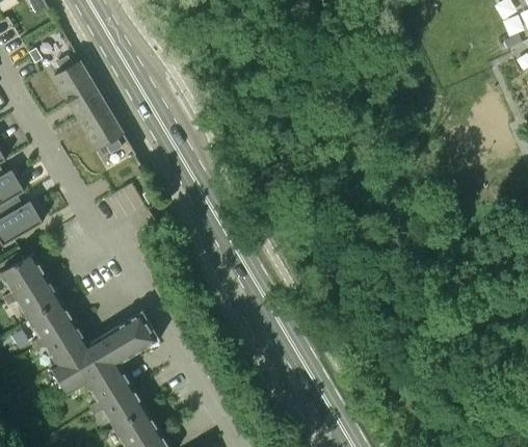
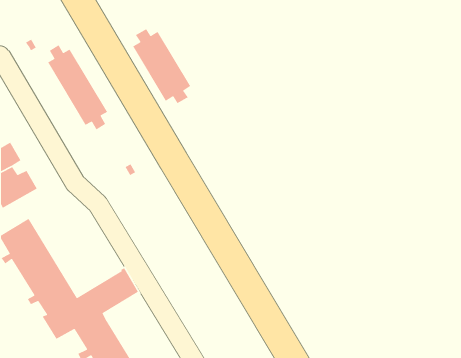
building: none -> [132,28,191,104]

